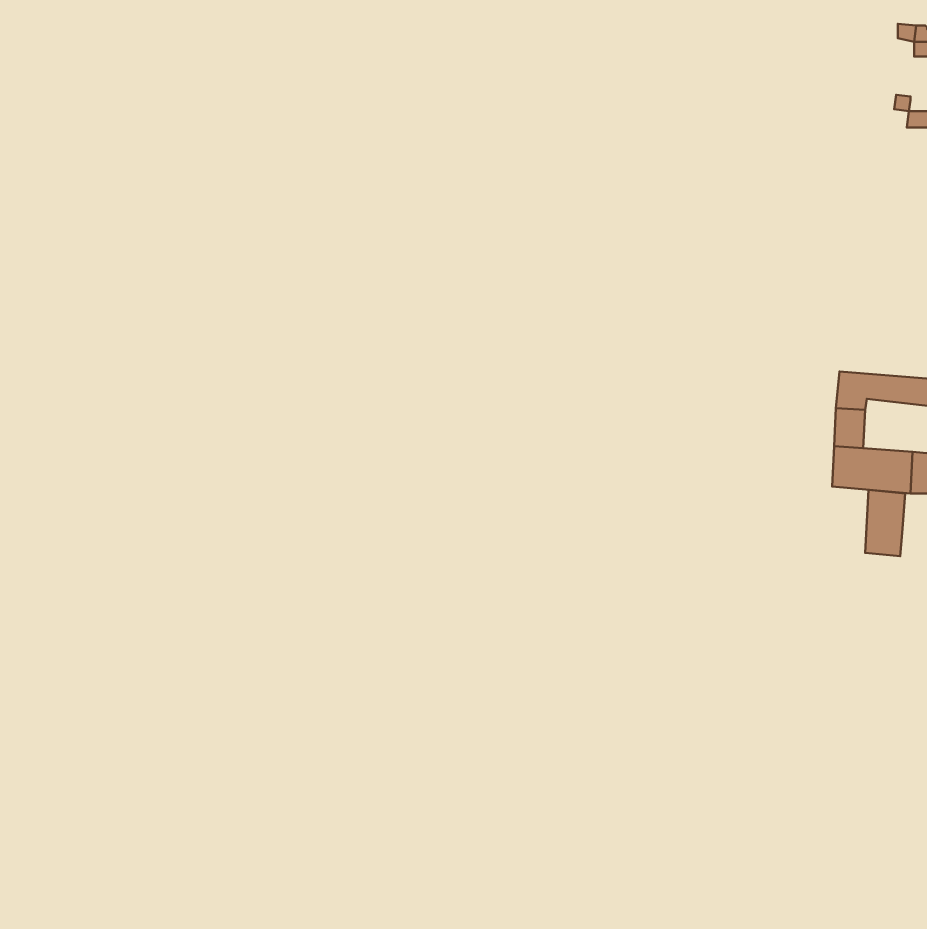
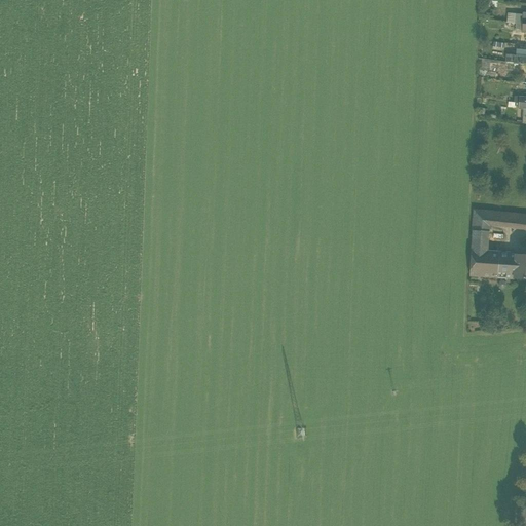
building: [865,490,905,556] -> none

